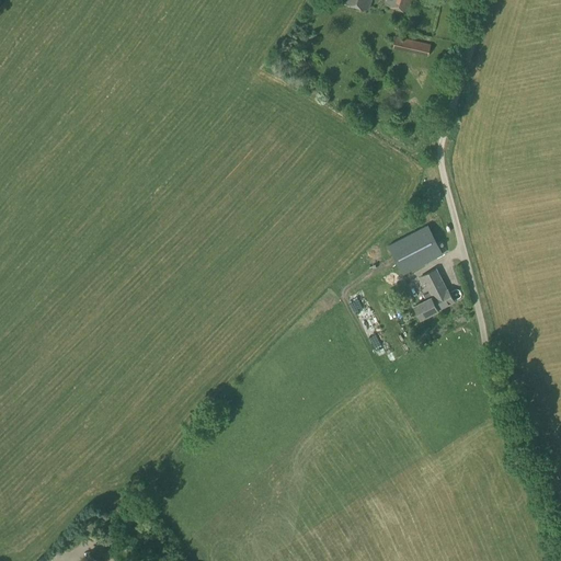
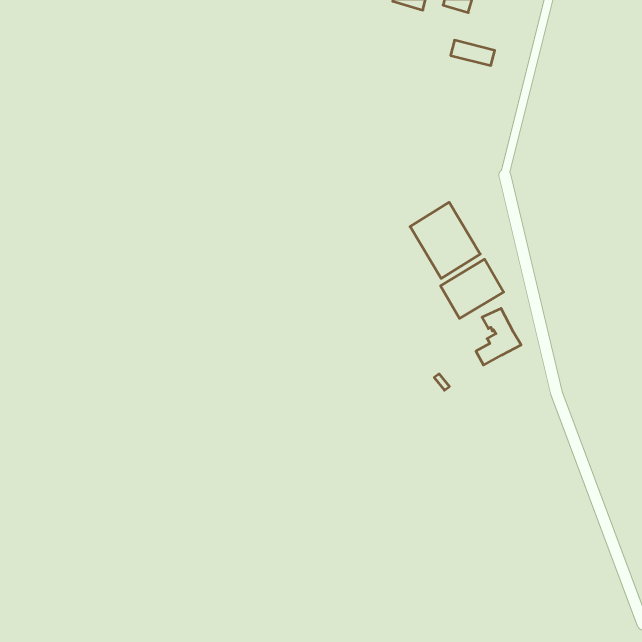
building: none -> [410,202,480,278]

